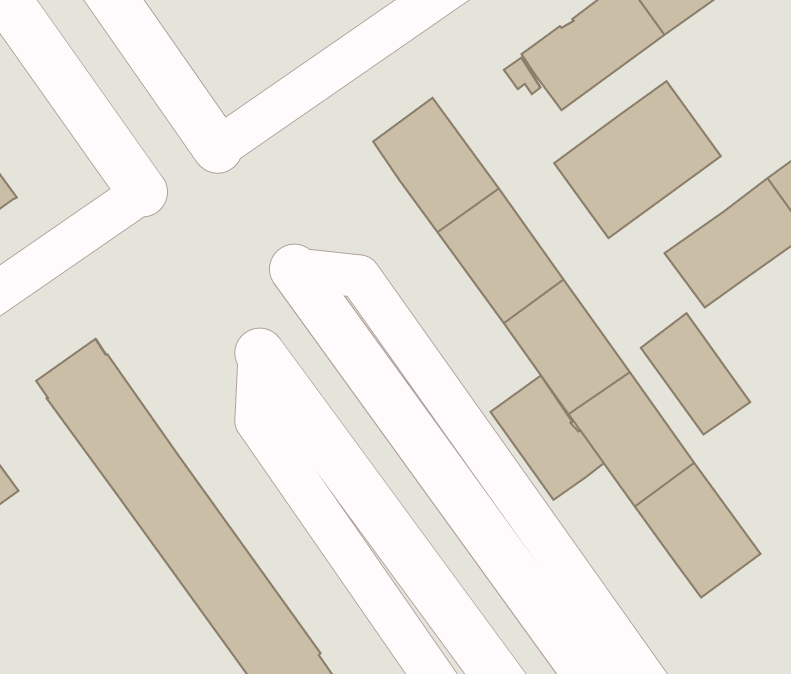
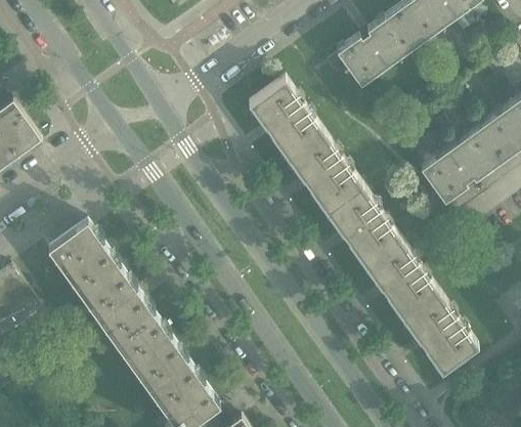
building: [554,81,721,238] -> none
building: [641,313,750,435] -> none
building: [491,375,604,500] -> none

